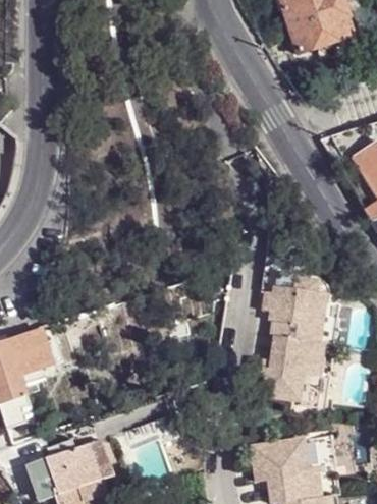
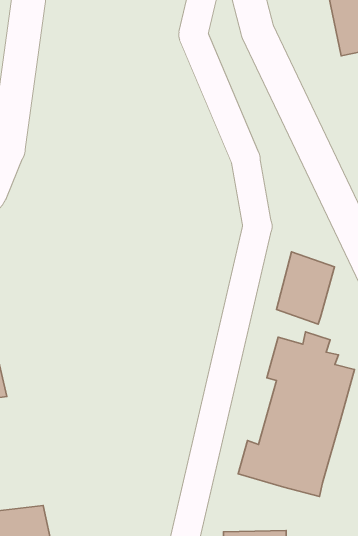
building: none -> [277,252,334,324]

